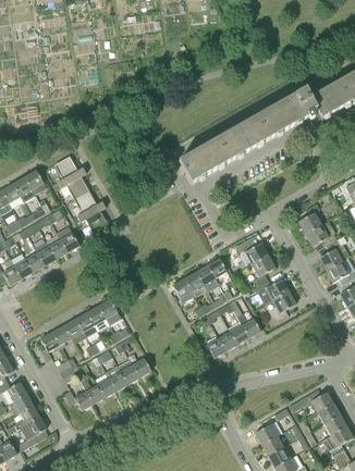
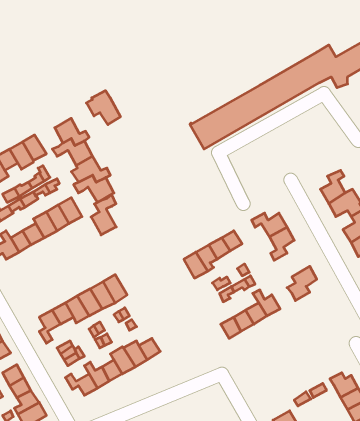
building: none -> [86,91,120,125]
building: none -> [91,195,116,235]
building: [256,277,289,303] -> none

